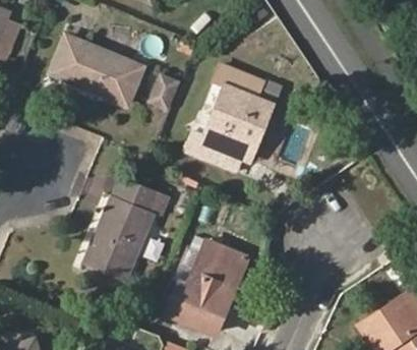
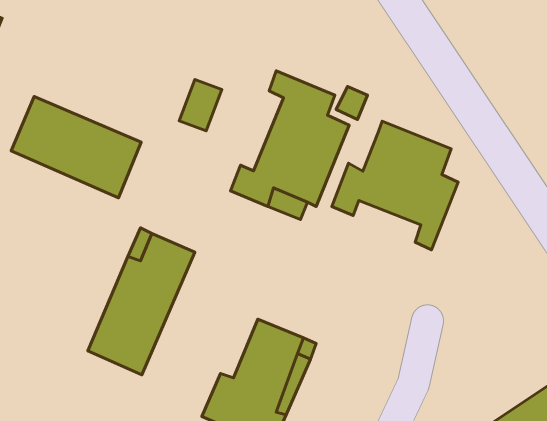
building: [51,34,143,106] -> [11,97,141,198]
building: none -> [332,121,458,250]

